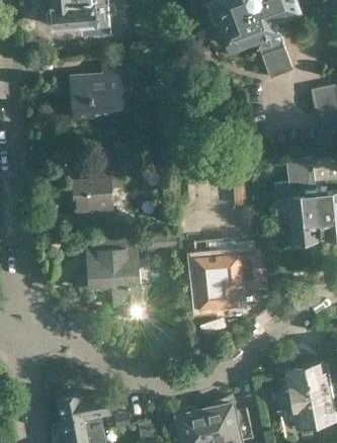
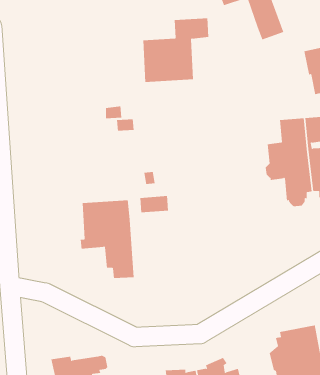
building: [70,55,137,119] -> [142,18,209,83]
building: [73,165,122,220] -> none
building: [193,241,257,312] -> none

